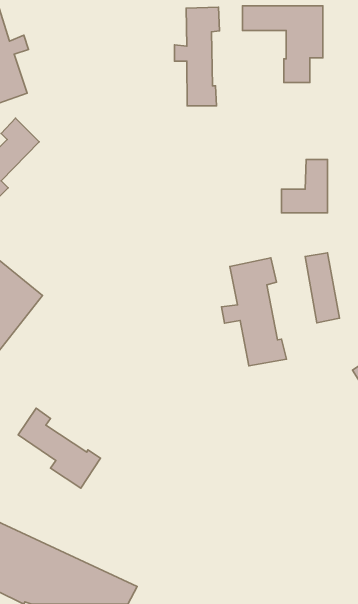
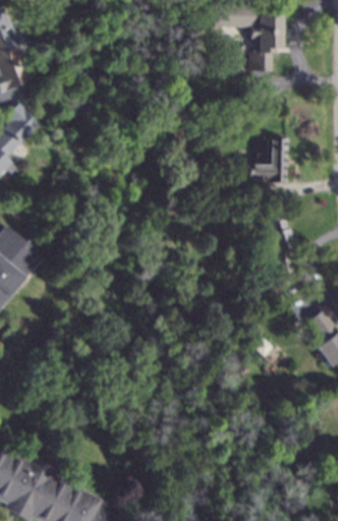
building: [174,7,220,106] -> none
building: [221,258,286,366] -> none
building: [18,408,101,488] -> none

